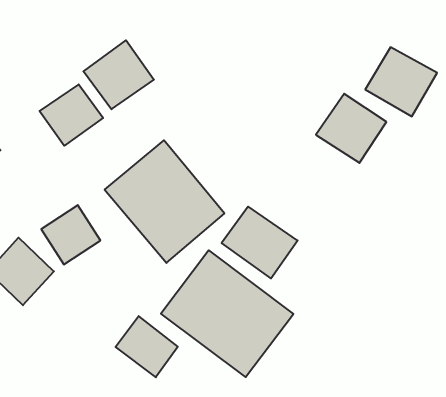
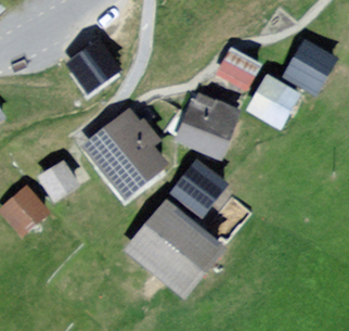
building: none -> [209,44,257,89]
building: [40,84,103,146] -> none
building: none -> [170,92,241,157]
building: [116,316,178,377] -> none

